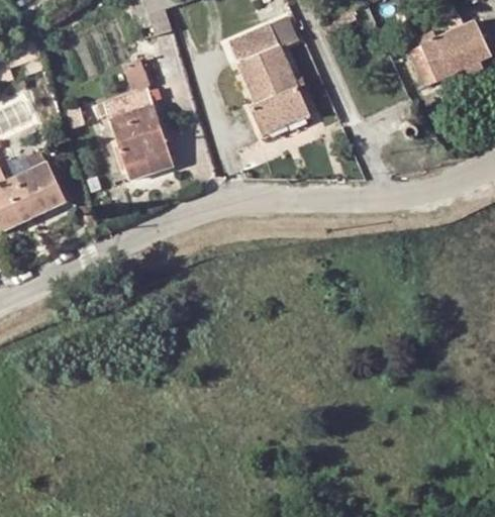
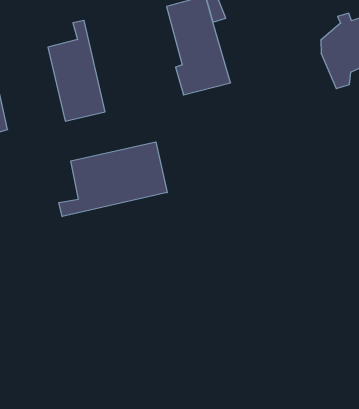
building: none -> [59,142,167,217]

